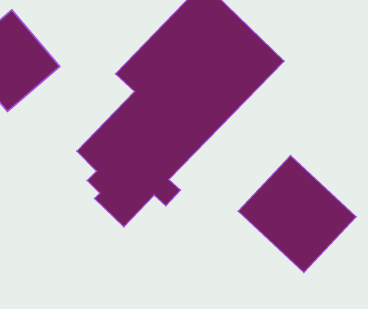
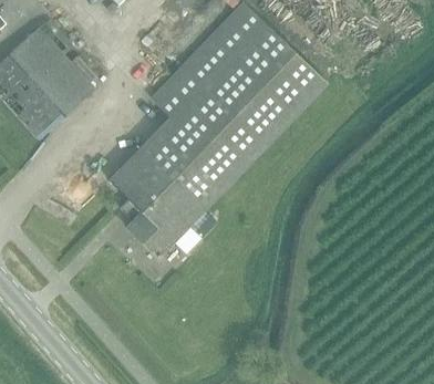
building: [238,156,356,272] -> none

